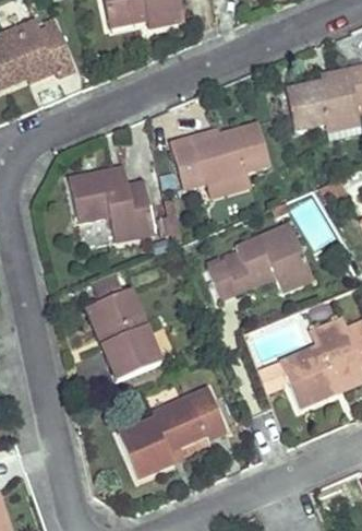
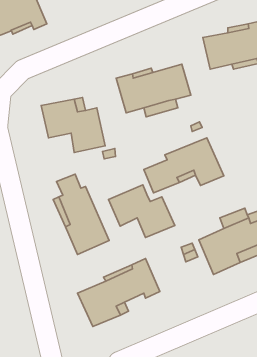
building: none -> [109,185,175,238]

